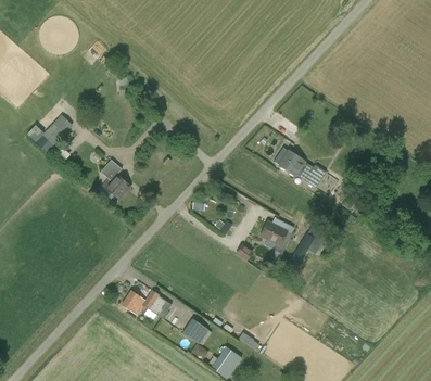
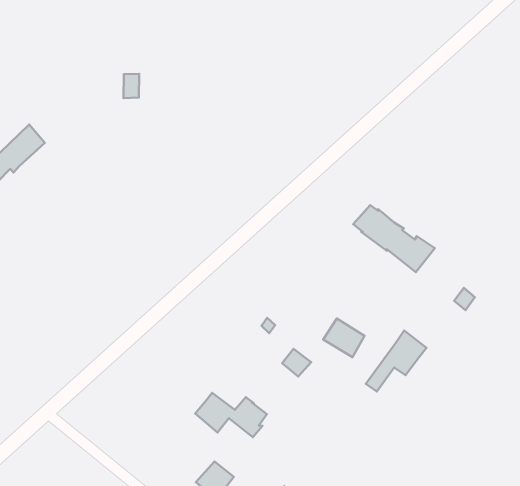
building: [101,158,130,201] -> none
building: [122,291,167,317] -> [195,393,267,437]

